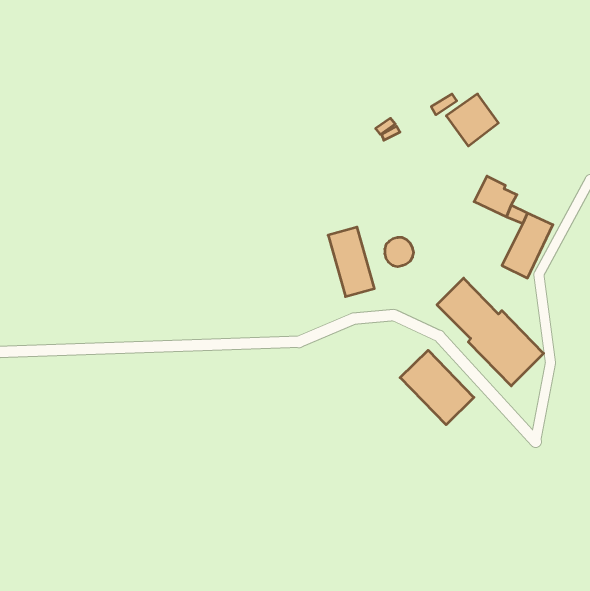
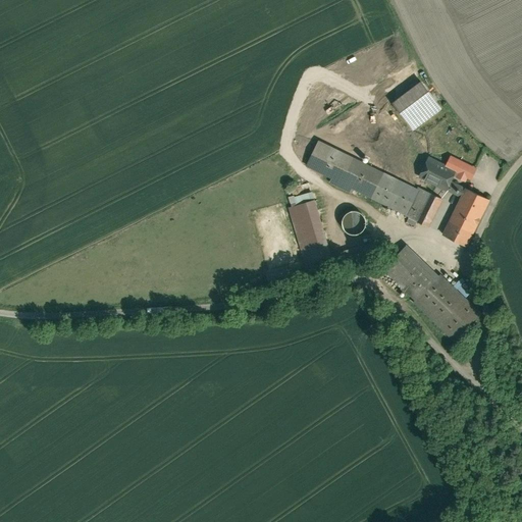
building: none -> [306,143,440,225]
building: none -> [443,155,475,181]
building: [400,350,474,425] -> none

